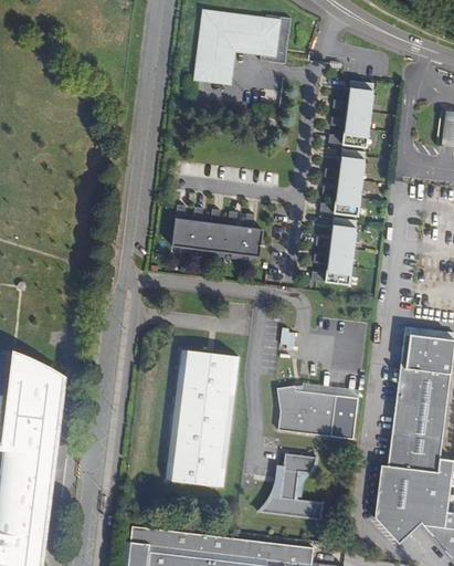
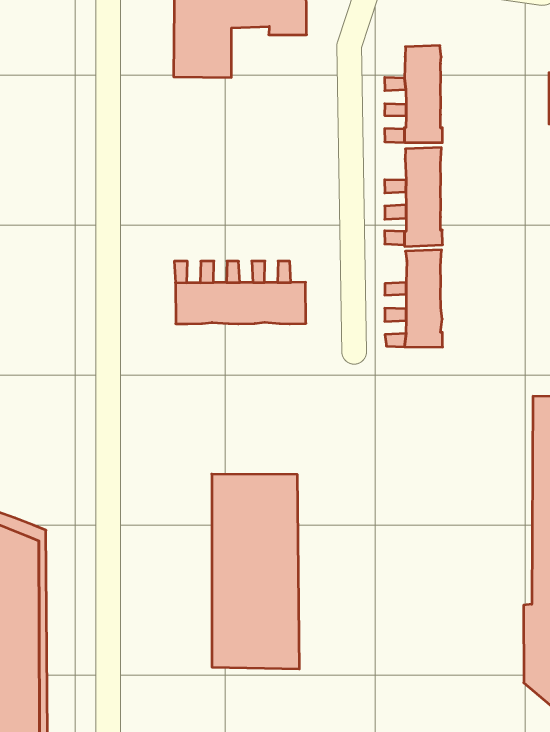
building: [276,386,357,439] -> none
building: [260,454,323,520] -> none

